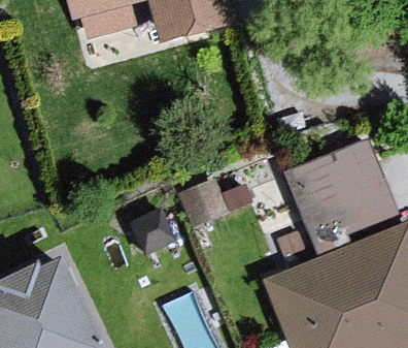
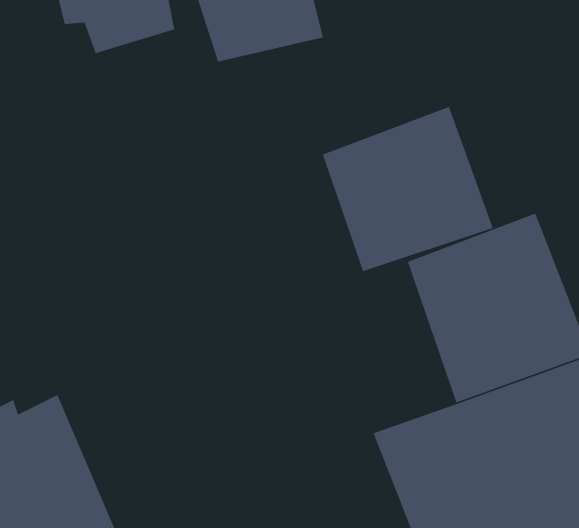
building: none -> [322,106,494,272]

